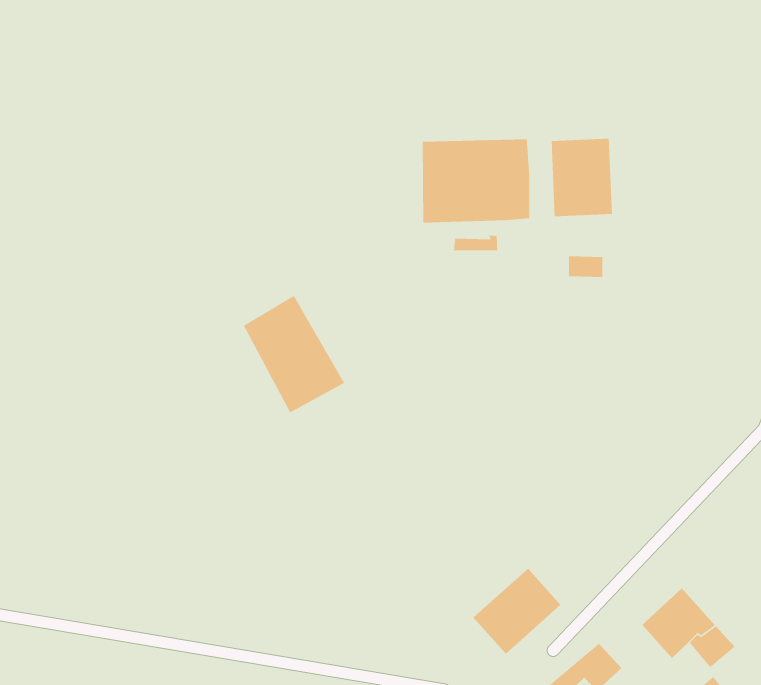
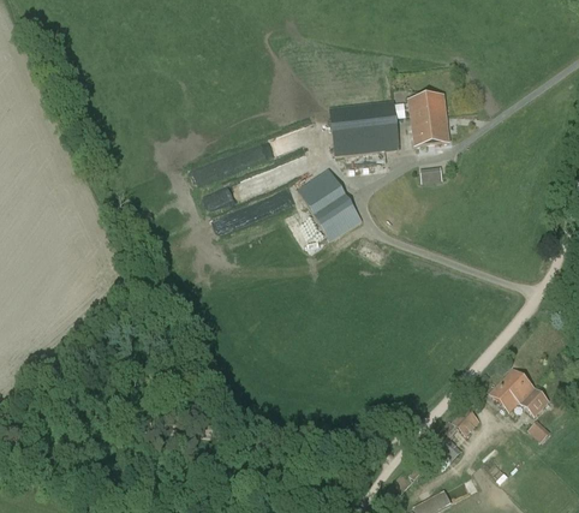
building: [243,295,345,413] -> [297,168,363,241]
building: [473,568,561,655] -> none

